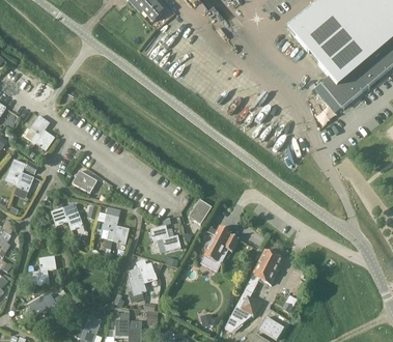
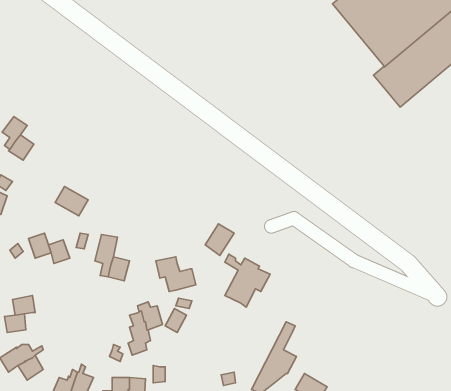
building: [251,250,282,285] -> none

